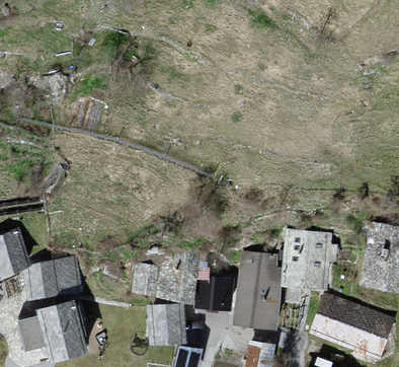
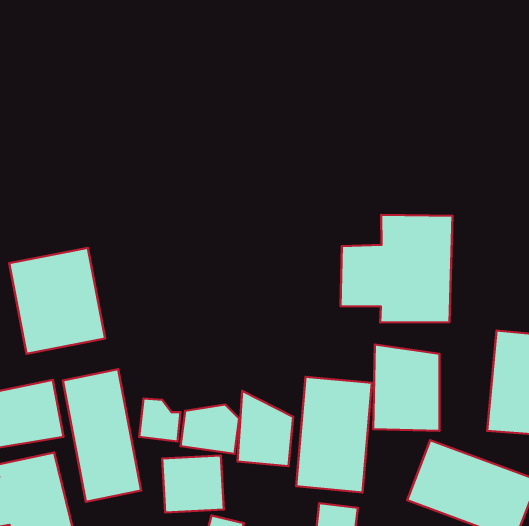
building: none -> [341,215,452,323]
building: none -> [9,248,105,354]
building: none -> [63,369,141,502]

